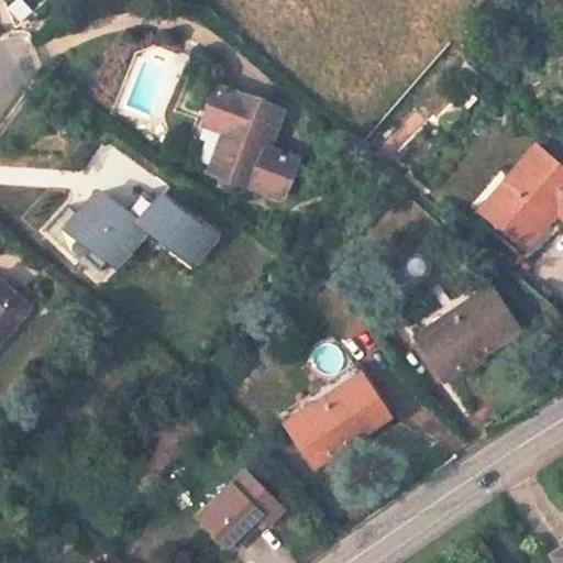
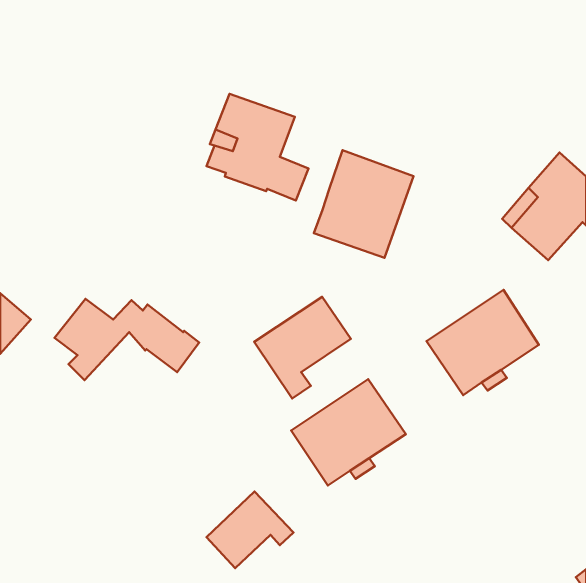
building: none -> [314,150,413,258]
building: [71,191,210,269] -> [55,299,199,380]
building: none -> [254,297,351,399]

